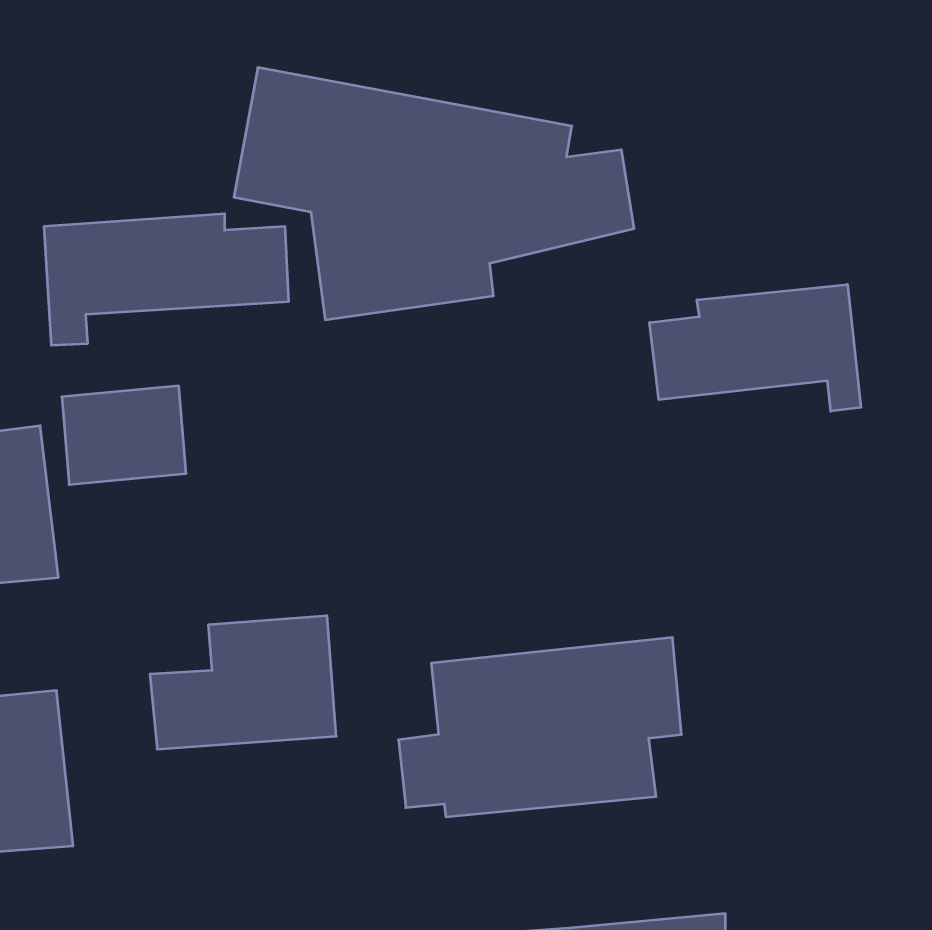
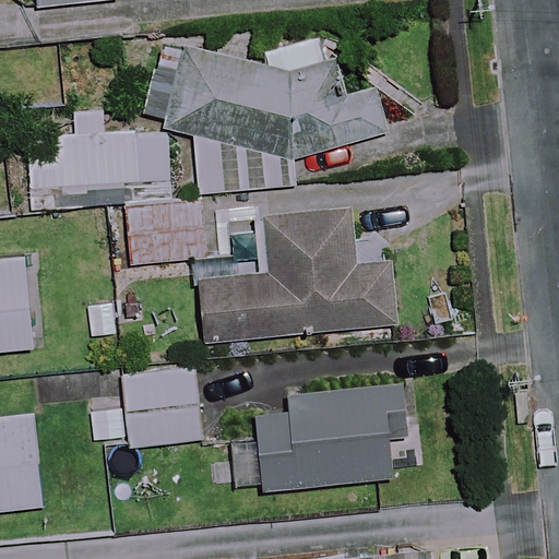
building: [650,284,861,411] -> none
building: none -> [199,207,397,343]
building: [62,386,186,485] -> [127,204,201,263]

